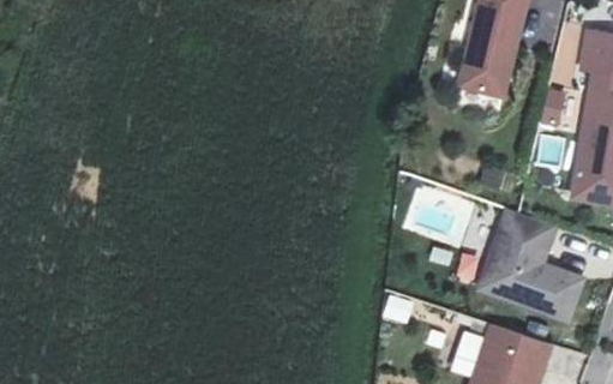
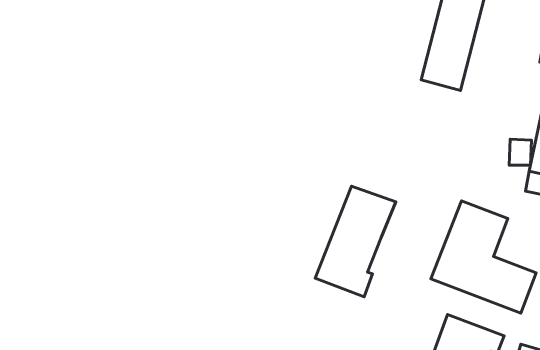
building: none -> [315,186,396,297]

